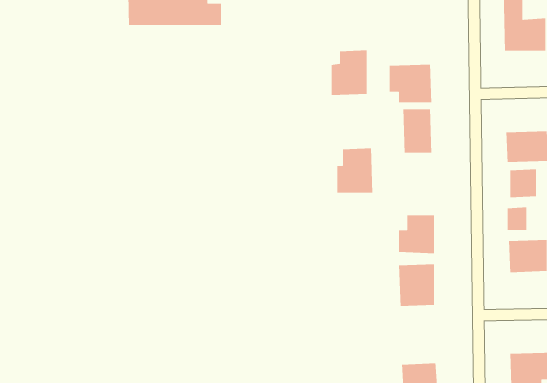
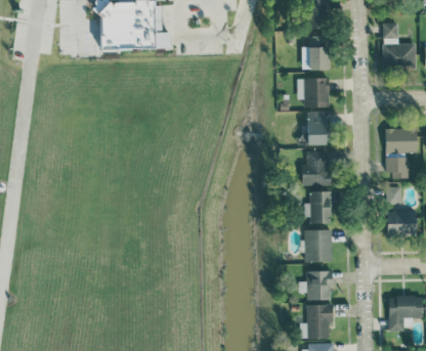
building: [331,50,368,96] -> [302,37,330,72]
building: [337,147,373,194] -> [302,151,330,186]
building: none -> [299,270,333,300]

